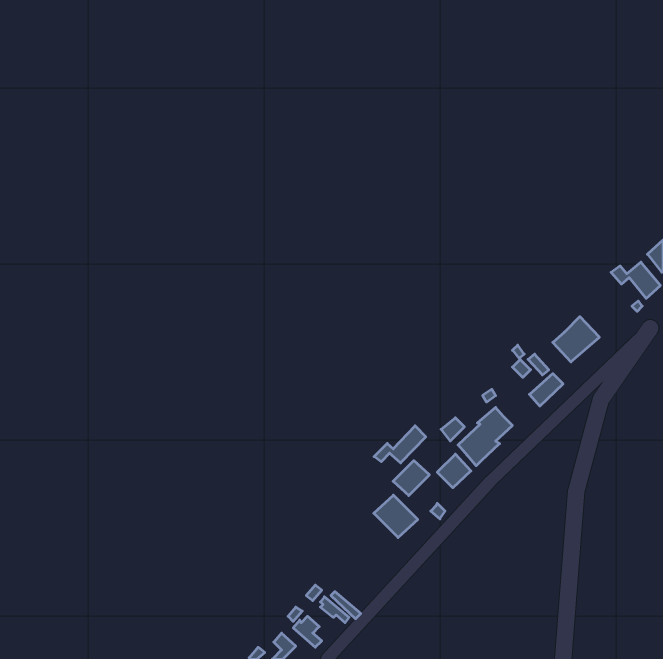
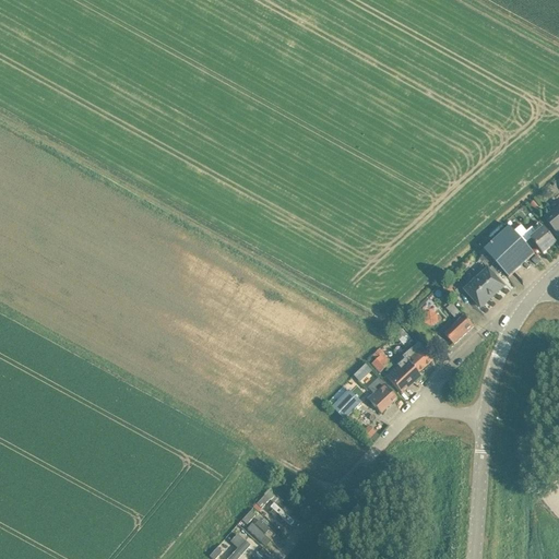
building: none -> [485,225,535,275]
building: [374,426,426,463] -> none
building: [374,495,418,538] -> none

